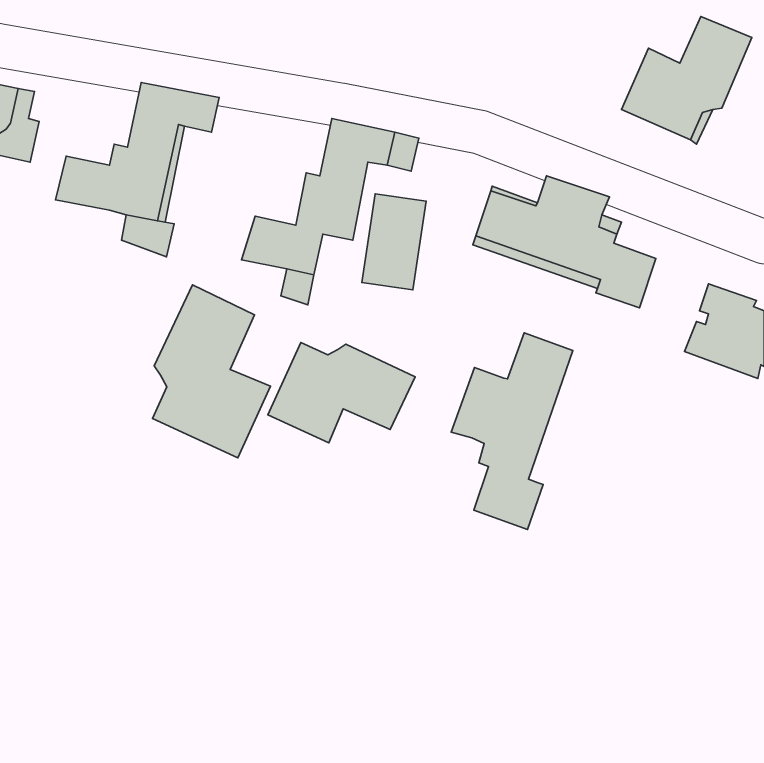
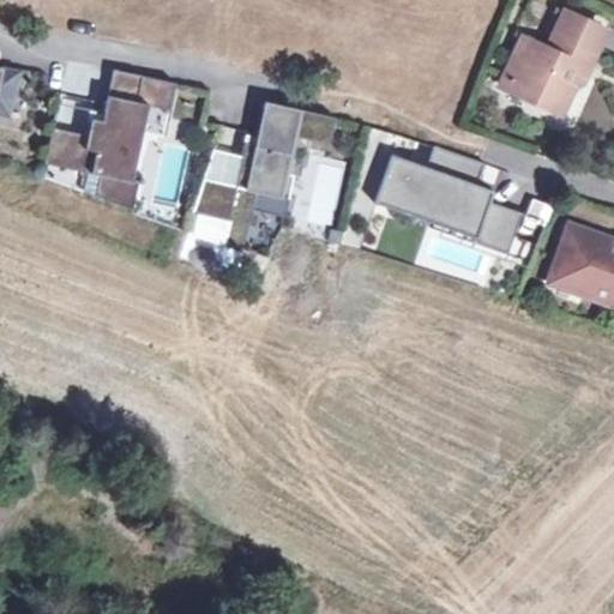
building: [153,285,270,458] -> none
building: [451,333,573,529] -> none
building: [268,343,415,443] -> none

